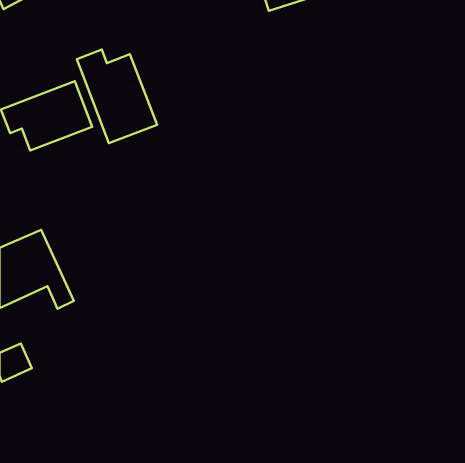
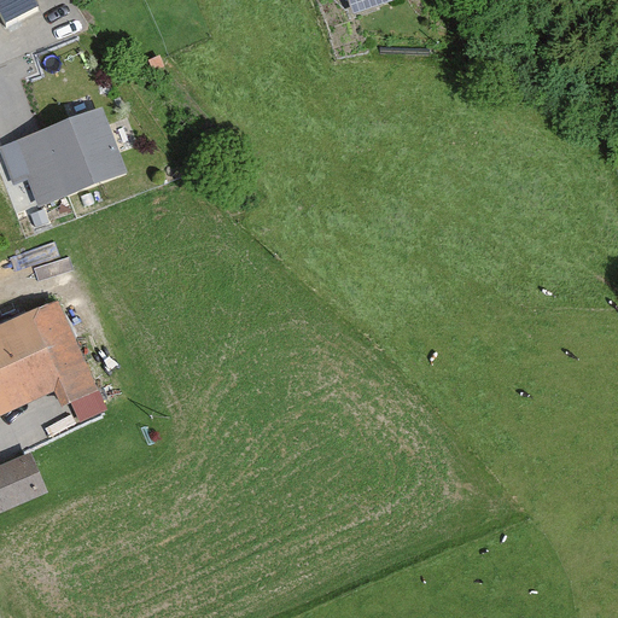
building: [77,50,157,143] -> none

